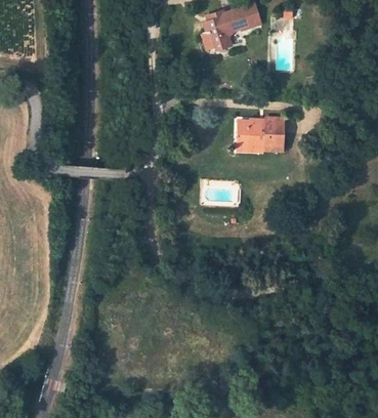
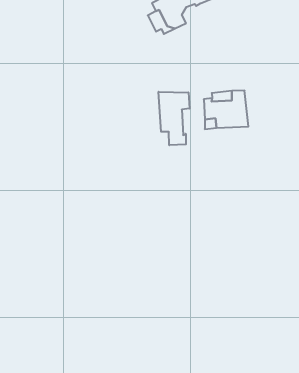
building: none -> [159,92,190,145]

